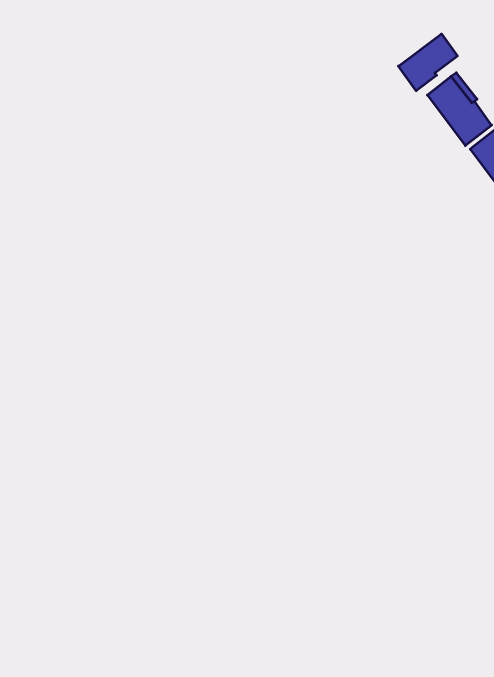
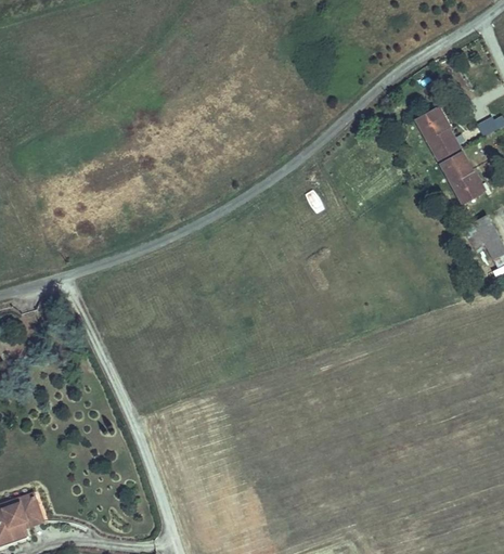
building: [398,34,457,91] -> none

